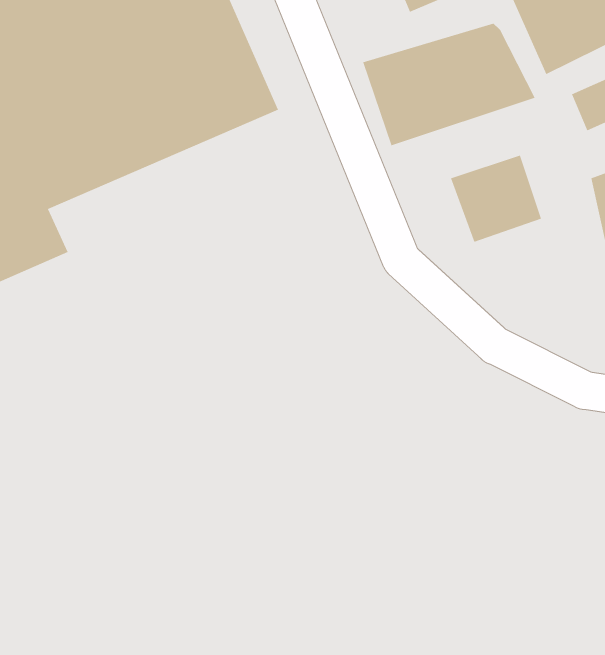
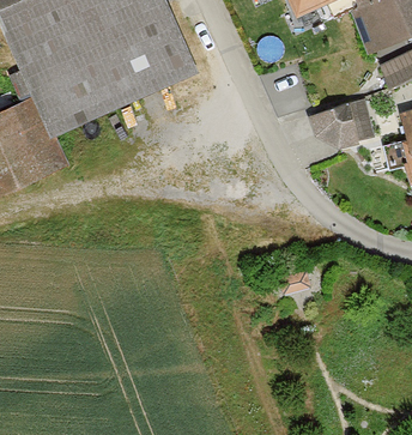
building: [362,23,535,146] -> none

